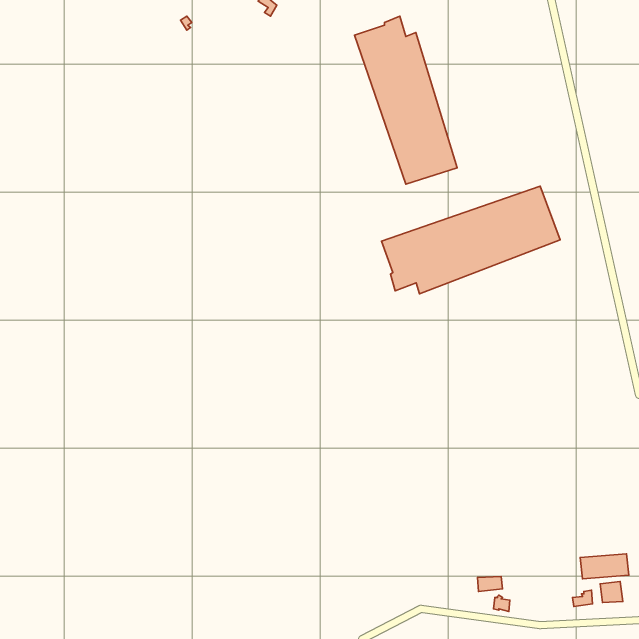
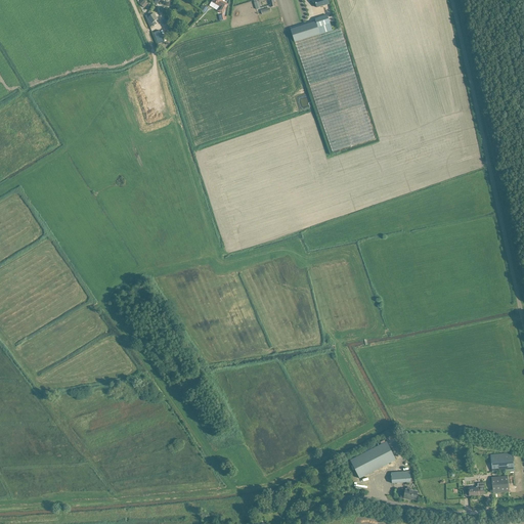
building: [381,186,560,294] -> none
building: none -> [349,440,395,478]

